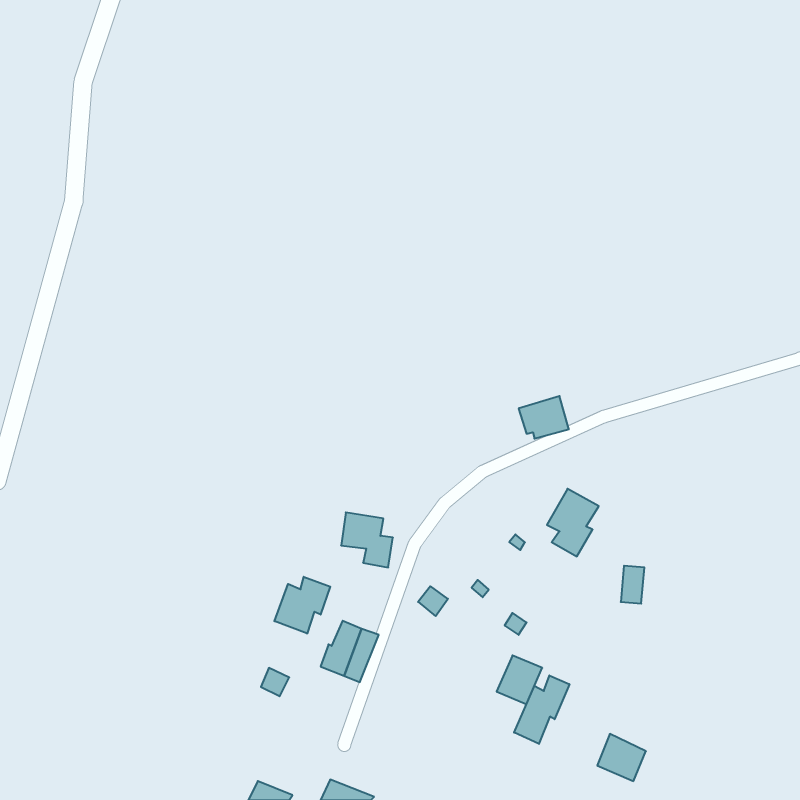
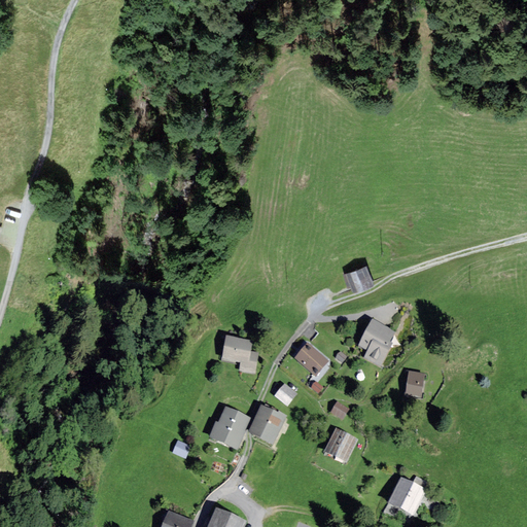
building: none -> [294,344,325,373]
building: [274,577,330,634] -> none
building: none -> [249,405,283,442]
building: [514,675,569,744] -> none

